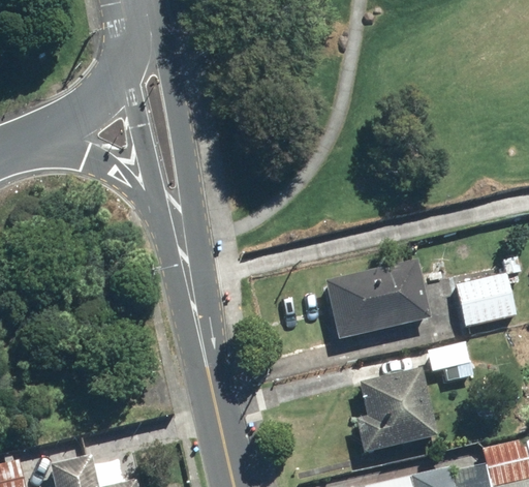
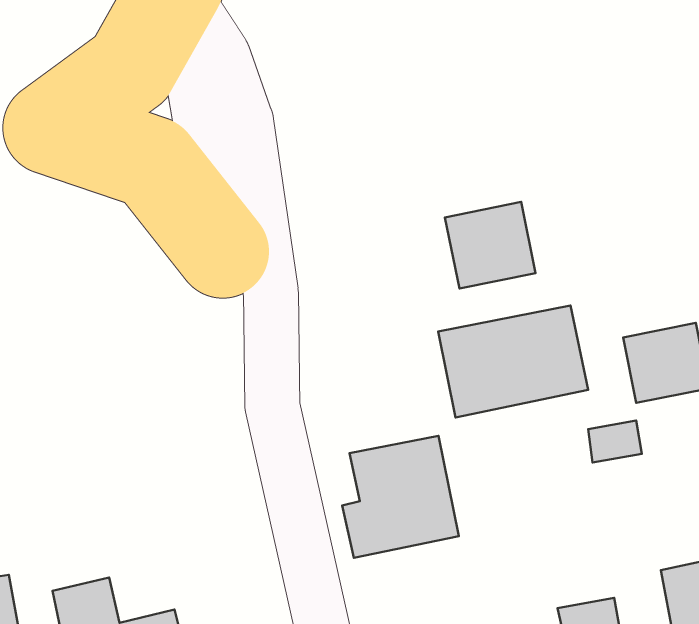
building: none -> [445,202,536,289]
building: [354,369,437,456] -> [342,436,459,558]

